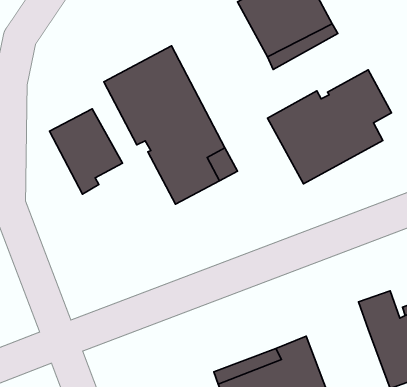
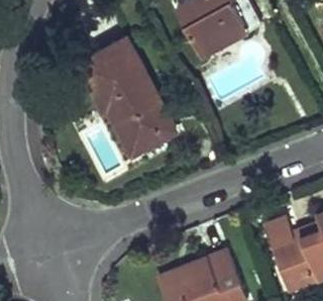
building: [268,70,392,184] -> none
building: [50,109,122,194] -> none

